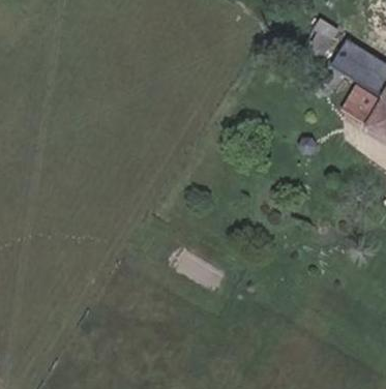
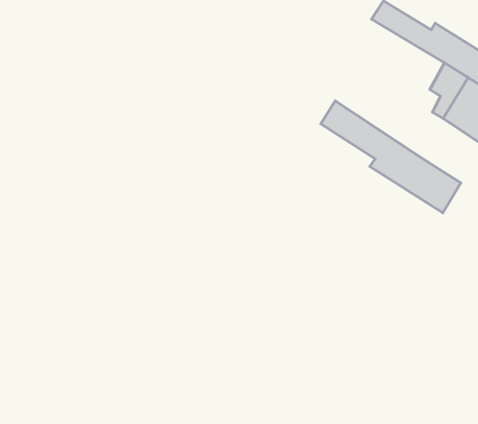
building: none -> [321,101,461,213]

